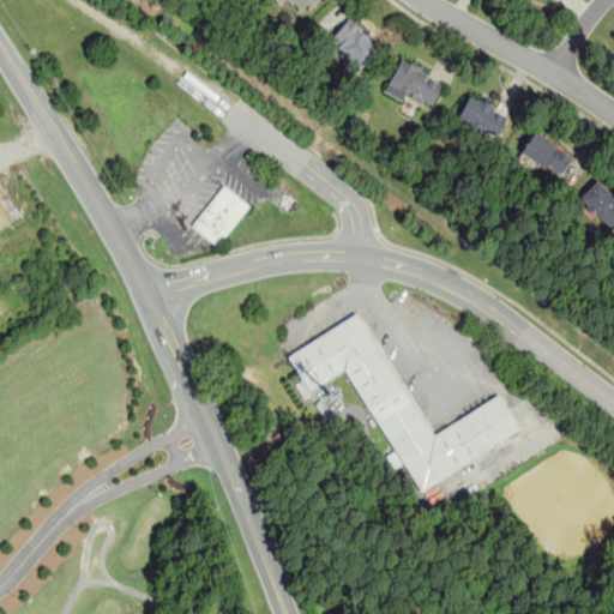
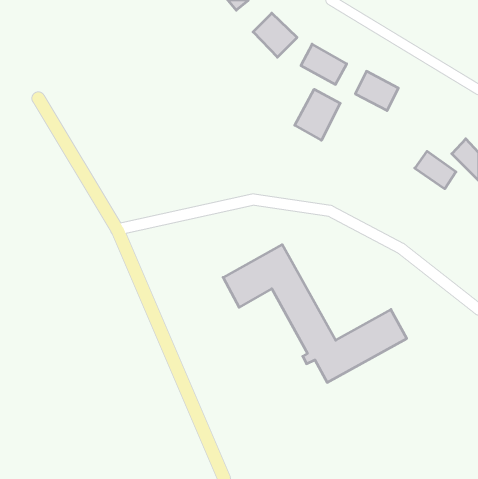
building: none -> [295,89,340,140]
building: [520,130,573,177] -> [415,151,456,189]
building: [193,185,249,245] -> none

